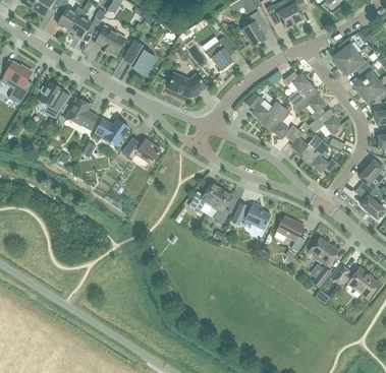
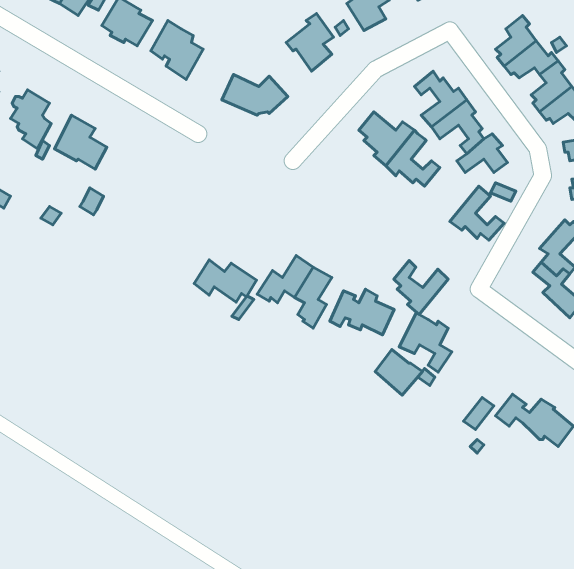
building: [92,118,129,145] -> none
building: [289,128,322,161] -> [394,261,448,315]
building: [123,136,161,162] -> [194,260,257,302]
building: [310,237,338,264] -> [375,349,422,395]

